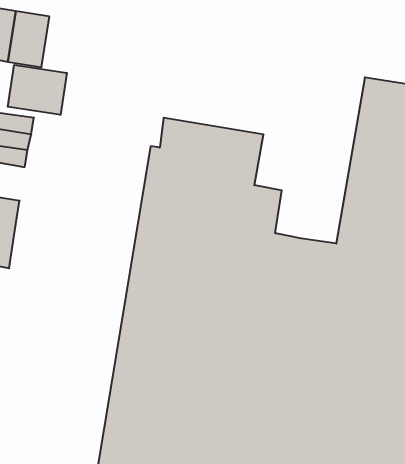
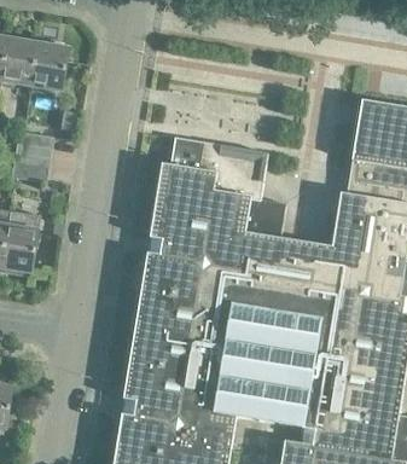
building: [8,65,67,115] -> none

